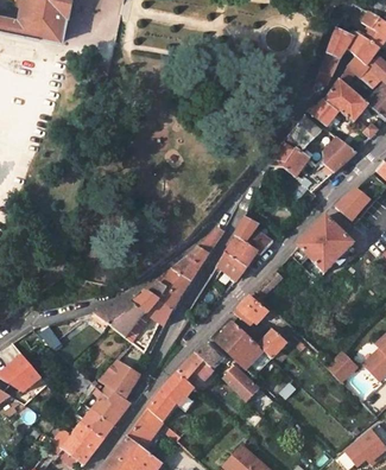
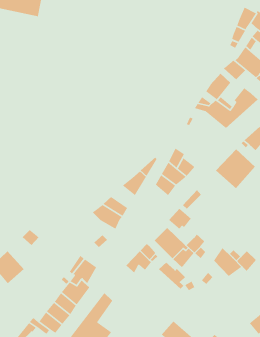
building: [156,266,190,296] -> none
building: [94,299,144,337] -> none
building: none -> [213,247,242,277]
building: [148,373,194,420] -> none

